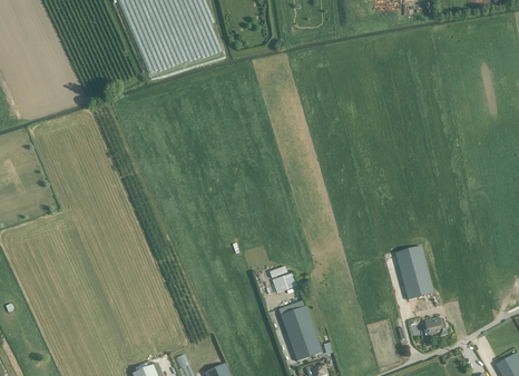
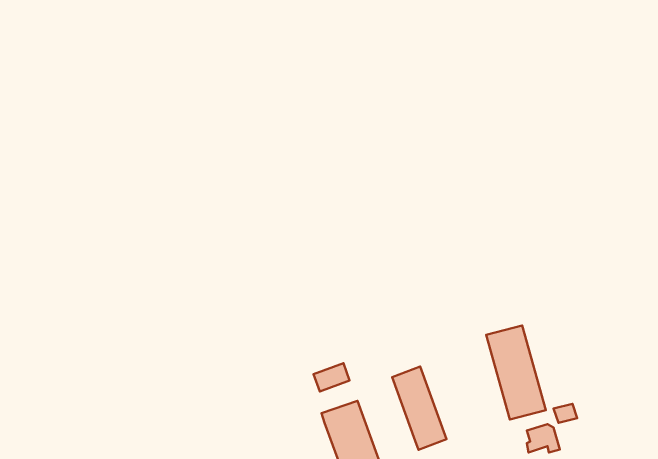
building: none -> [392,367,447,450]

